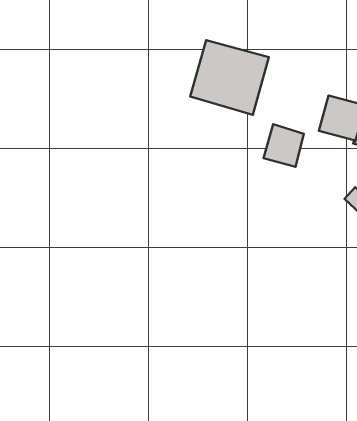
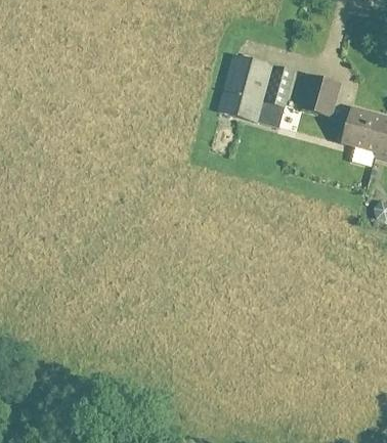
building: [263,124,304,167] -> [299,75,338,116]

